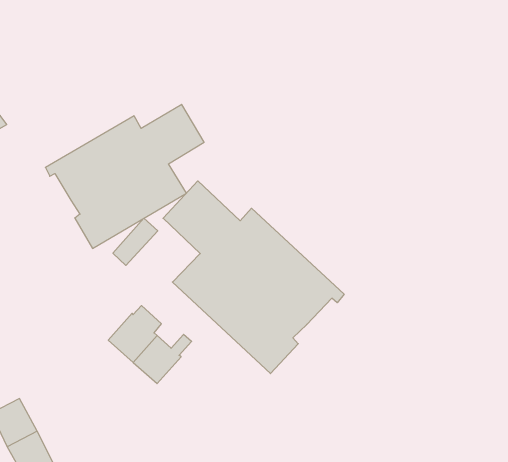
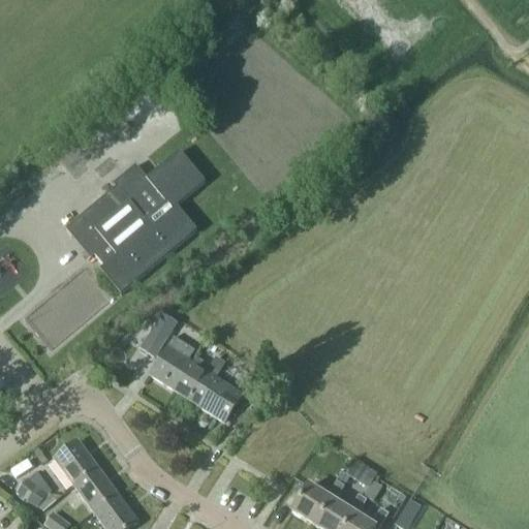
building: [163,181,344,374] -> none
building: [113,218,158,265] -> [139,312,177,357]
building: none -> [199,377,243,422]

